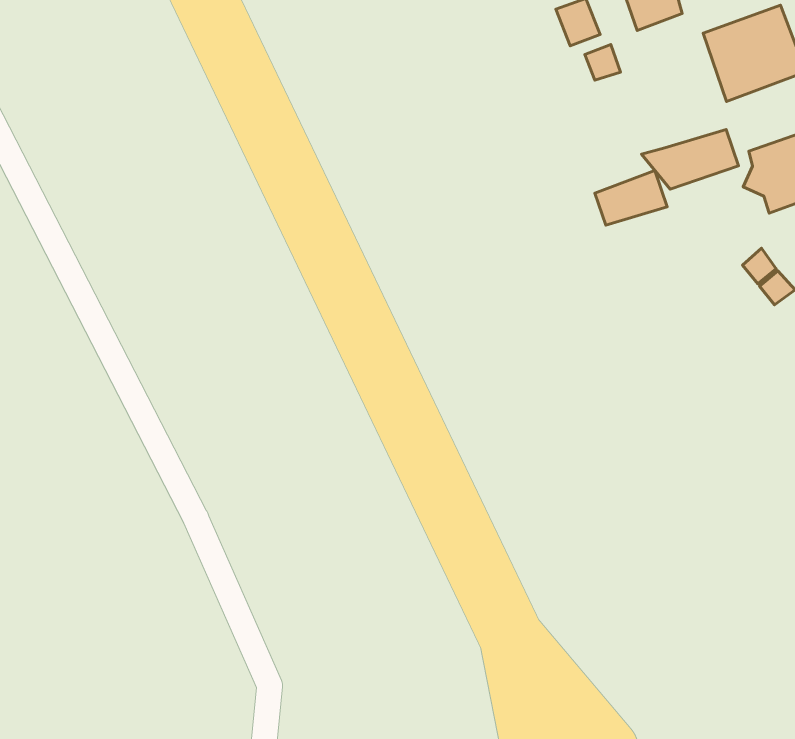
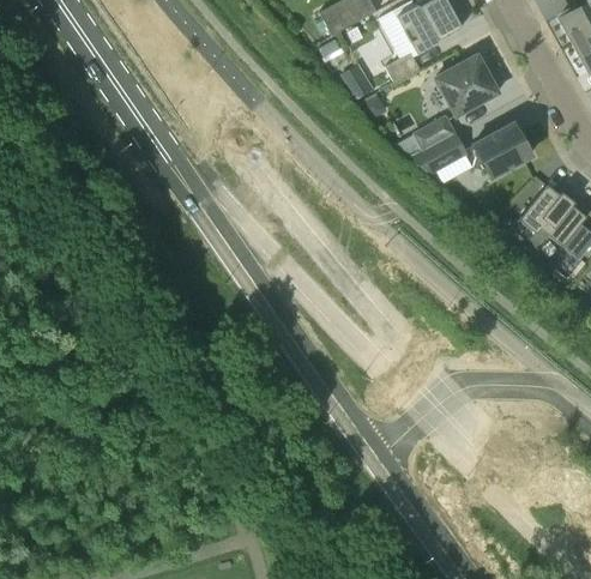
building: [595,170,667,225] -> [412,114,457,151]

